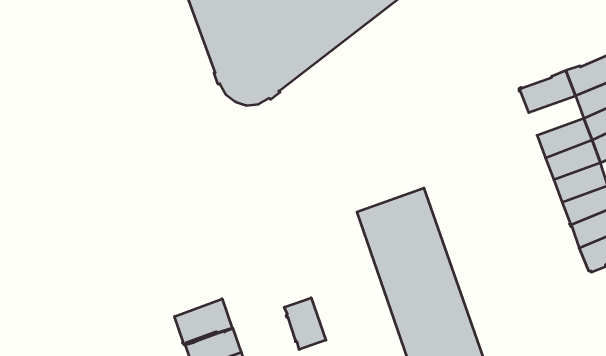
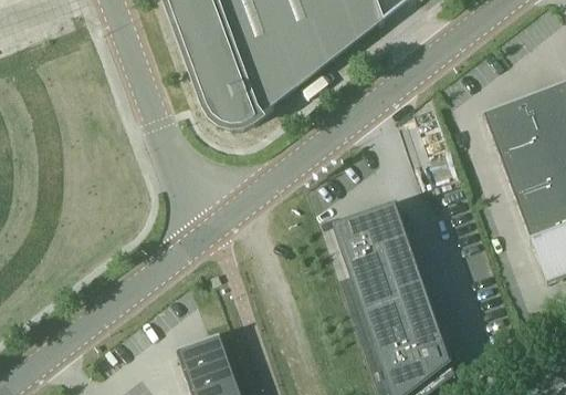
building: none -> [492,118,543,155]
building: [284,298,326,350] -> none
building: [175,299,232,345] -> none

